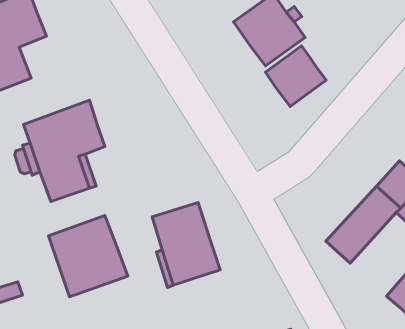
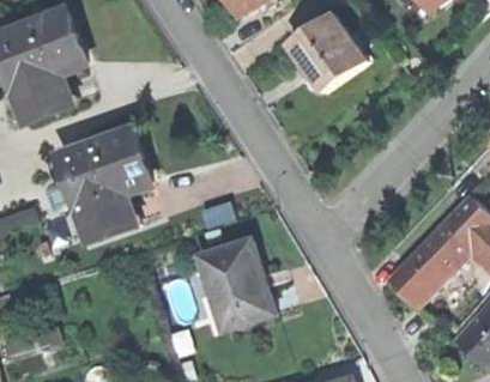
building: [265,46,326,106] -> none
building: [48,215,128,297] -> none

